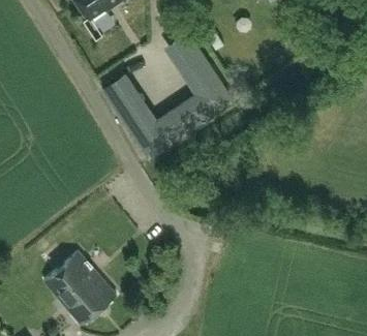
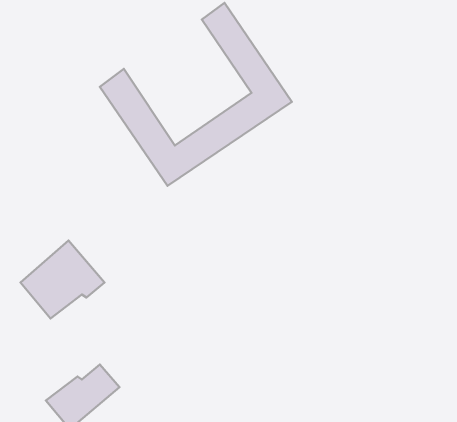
building: [43,252,101,306] -> [20,241,104,319]

